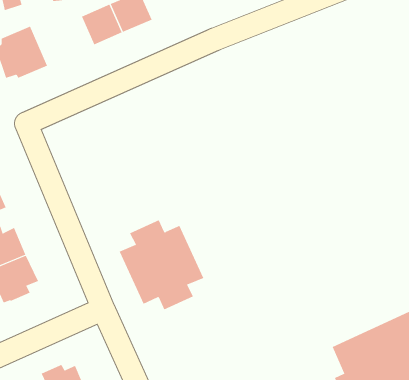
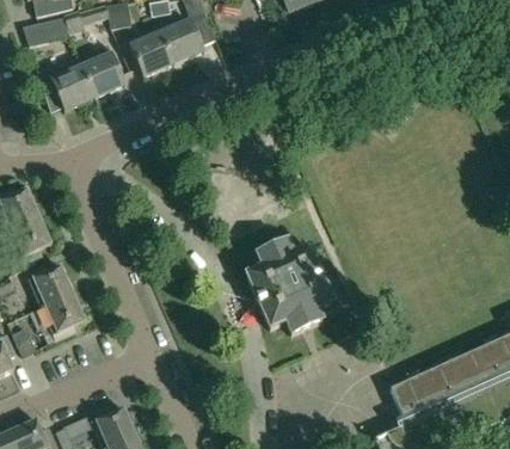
building: none -> [76,43,124,97]
building: [119,219,204,310] -> [245,240,333,334]

